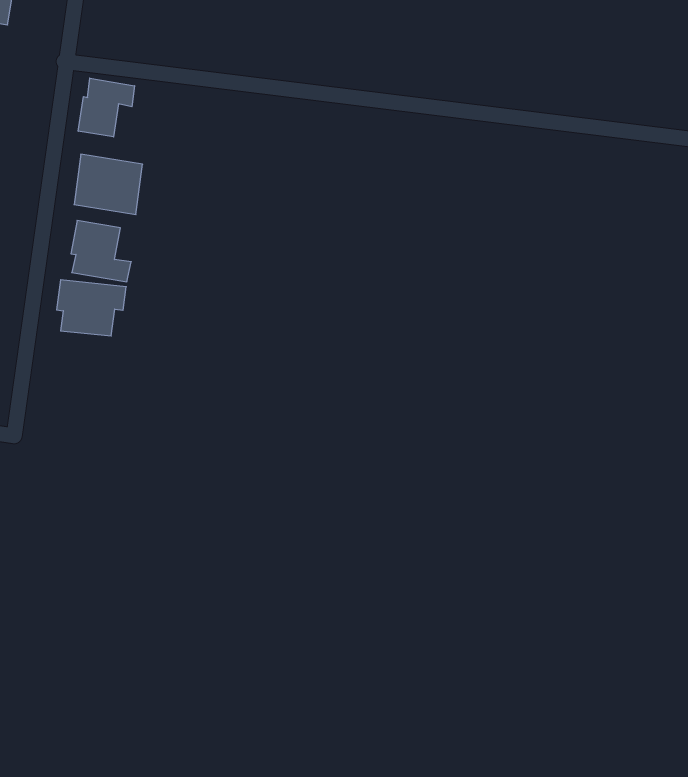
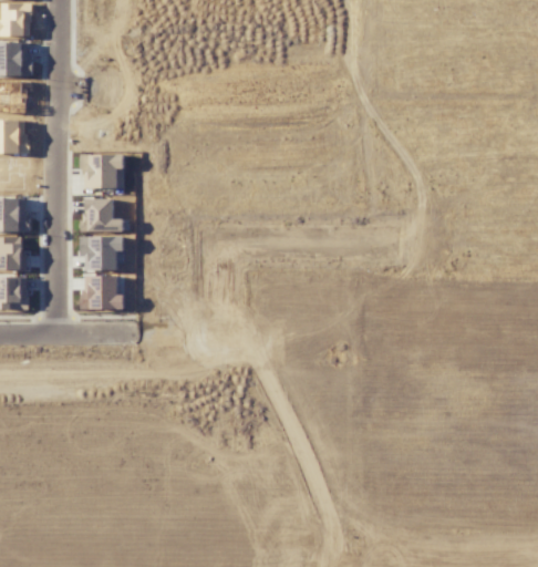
building: [78,78,135,137] -> none
building: none -> [84,276,126,309]

